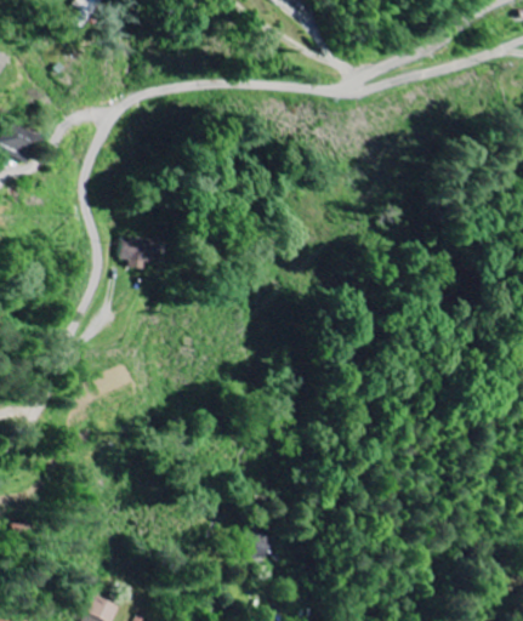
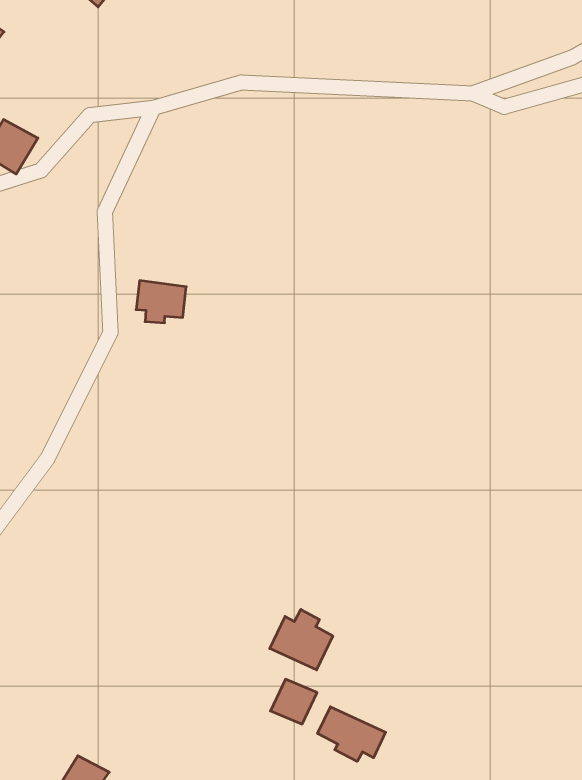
building: none -> [270,609,333,670]
building: none -> [318,707,386,761]

